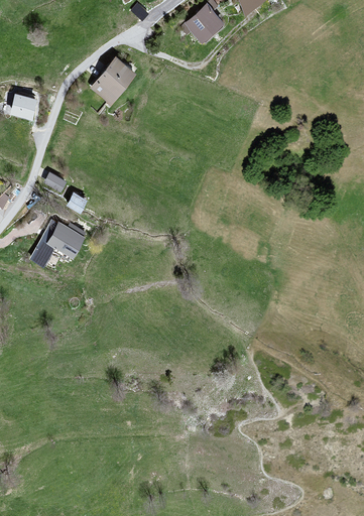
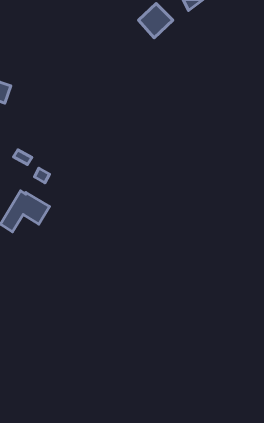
building: [91,61,130,102] -> none

